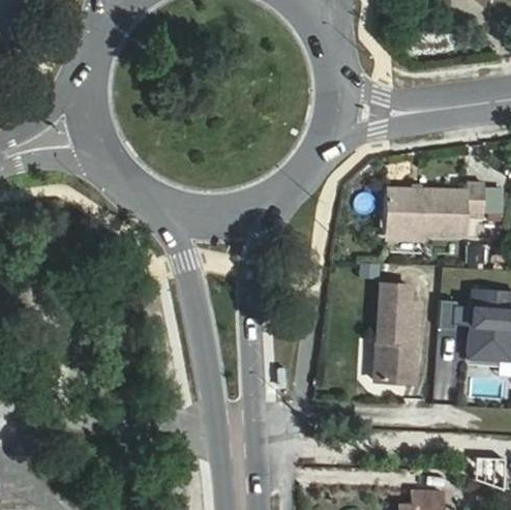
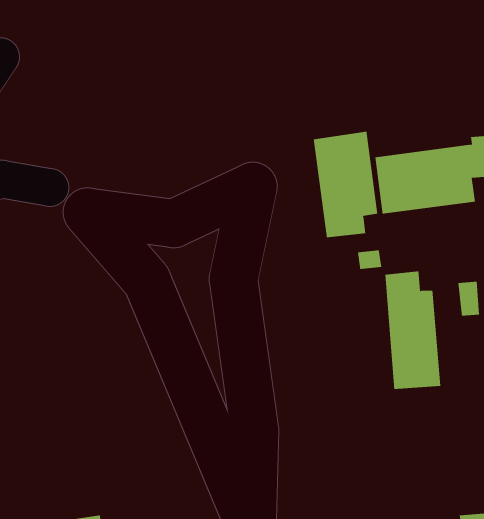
building: none -> [313,131,378,238]

